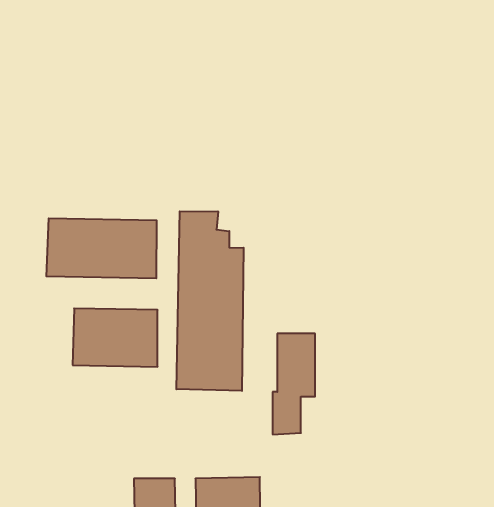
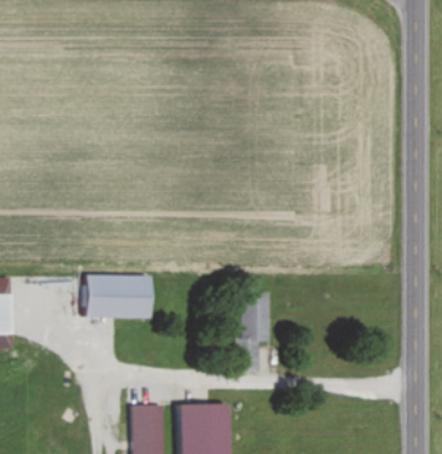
building: [176,211,244,391] -> none
building: [46,218,157,278] -> none

